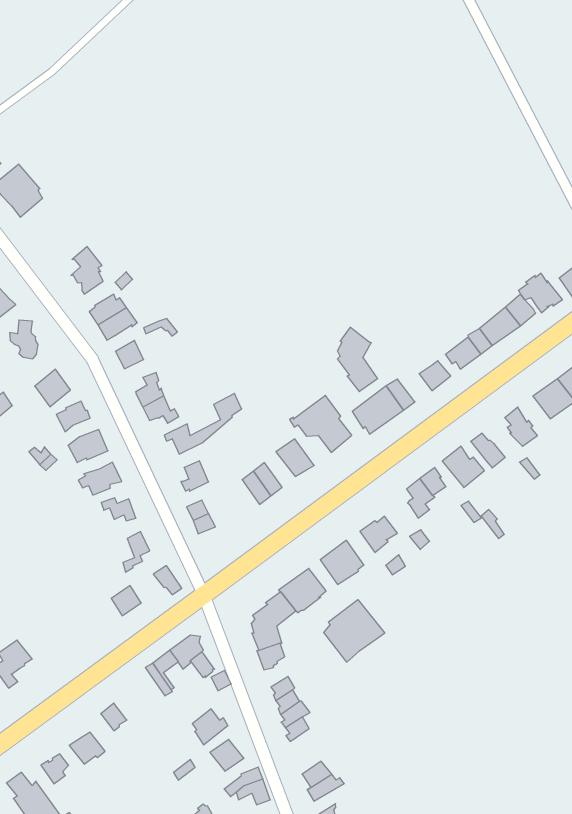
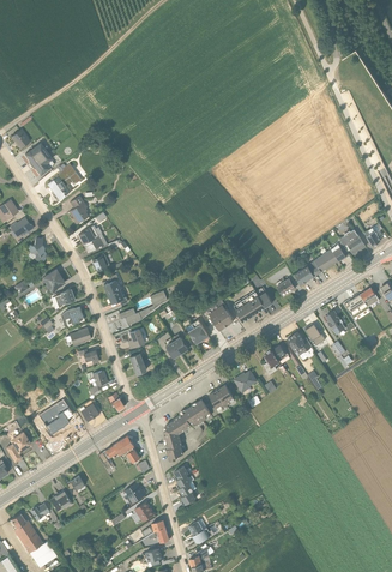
building: none -> [47,163,80,201]
building: [337,327,378,392] -> none
building: none -> [37,399,76,435]
building: [324,600,385,662] -> none

